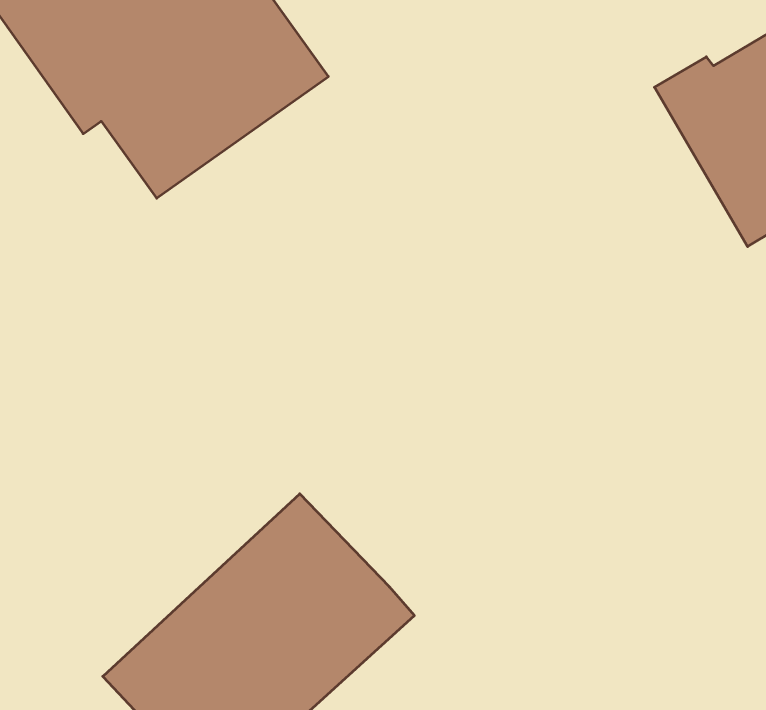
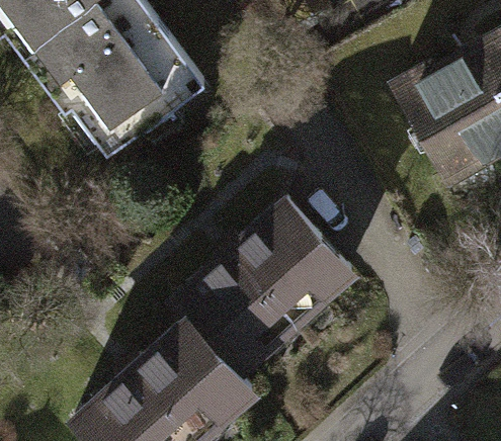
building: none -> [176,198,347,366]

